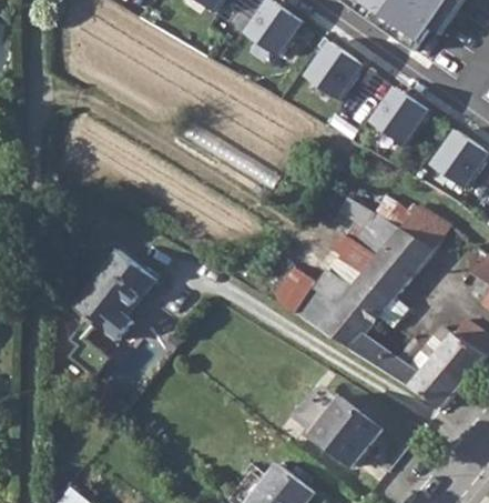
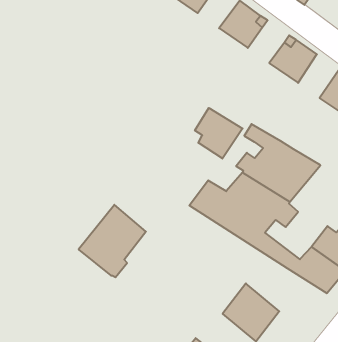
building: none -> [195,108,243,159]
building: [399,204,449,248] -> none
building: [73,249,156,339] -> [79,205,146,277]

